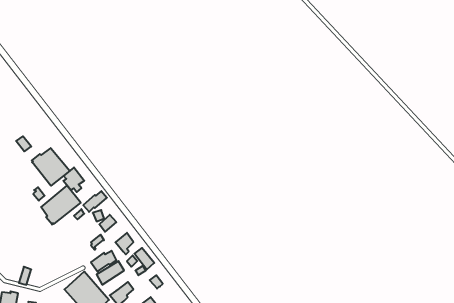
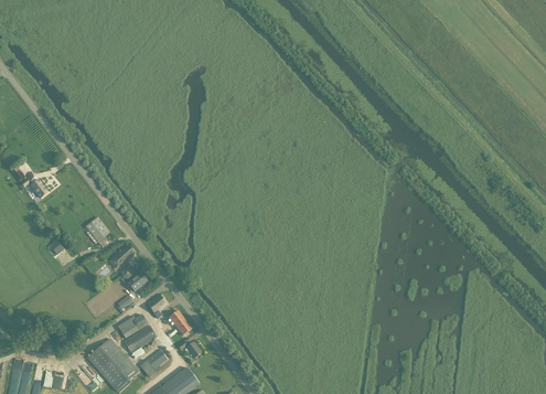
building: [32,148,70,186] -> none
building: [41,185,81,225] -> none

